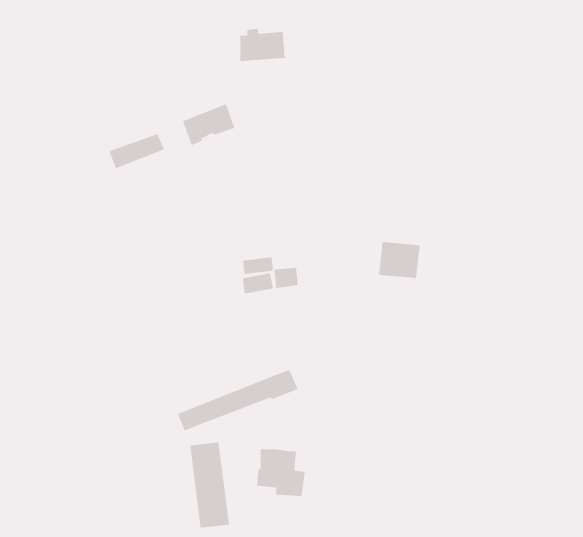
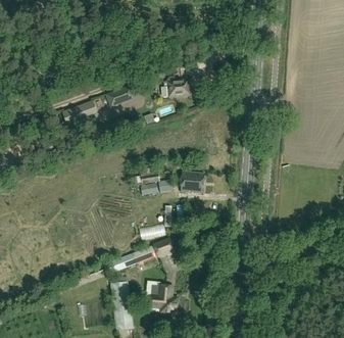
building: [240,28,285,62] -> [163,77,190,96]
building: [378,242,420,279] -> [180,171,204,192]

